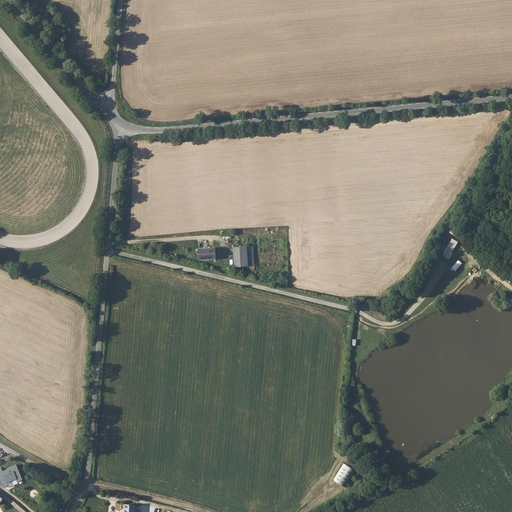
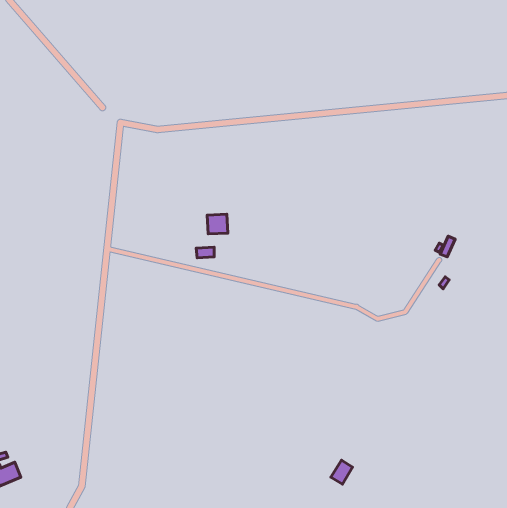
building: [233,246,254,266] -> [207,214,228,234]

